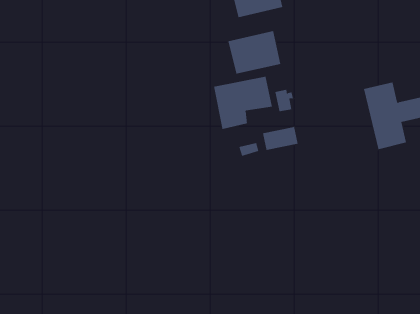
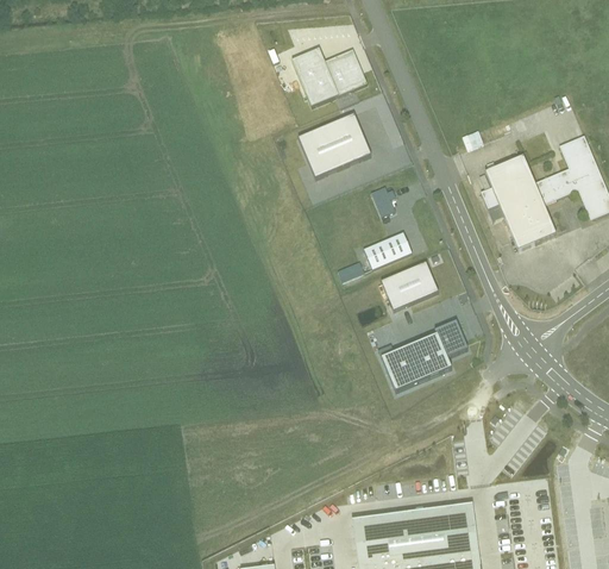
building: [214,76,272,130] -> none
building: none -> [379,264,435,309]
building: none -> [377,319,470,392]

